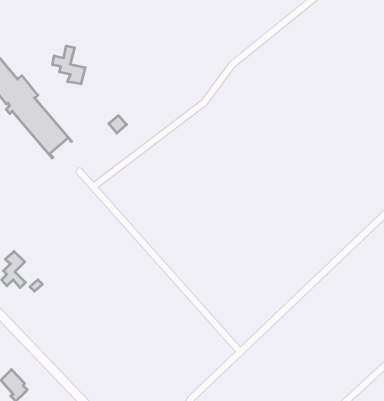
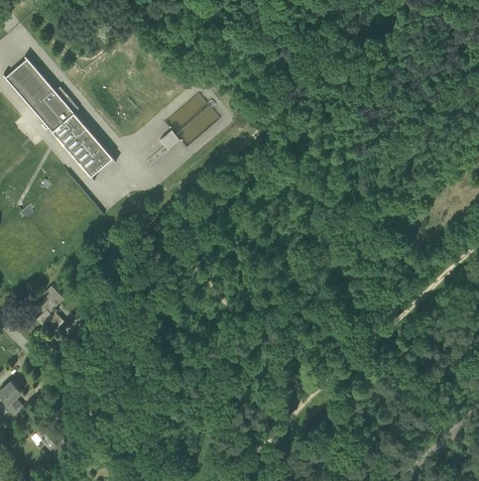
building: [53,46,85,84] -> none

